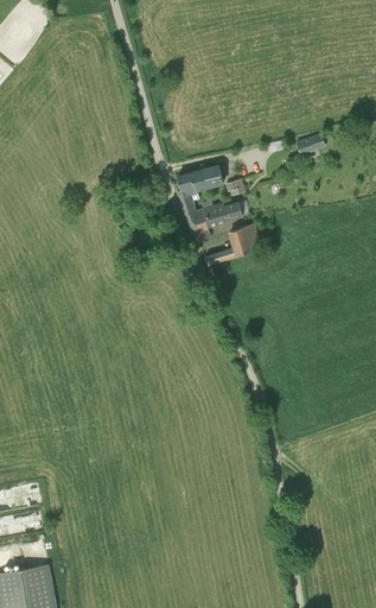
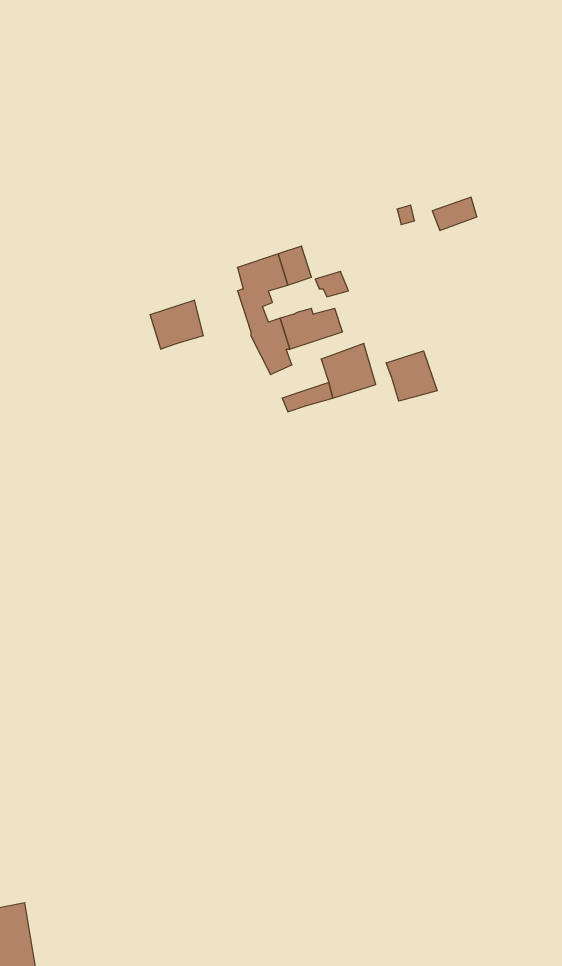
building: none -> [150,300,203,349]
building: none -> [386,351,437,401]

